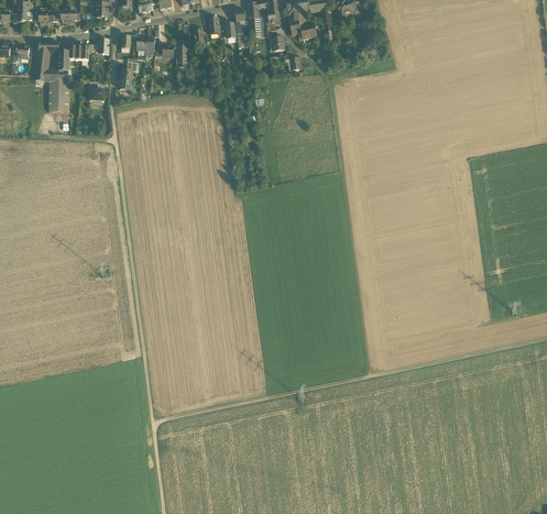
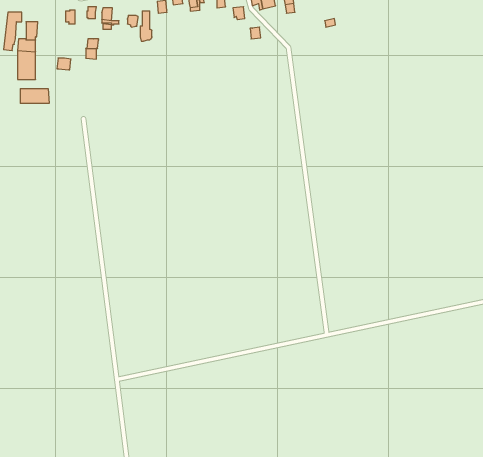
building: none -> [20,89,49,103]

